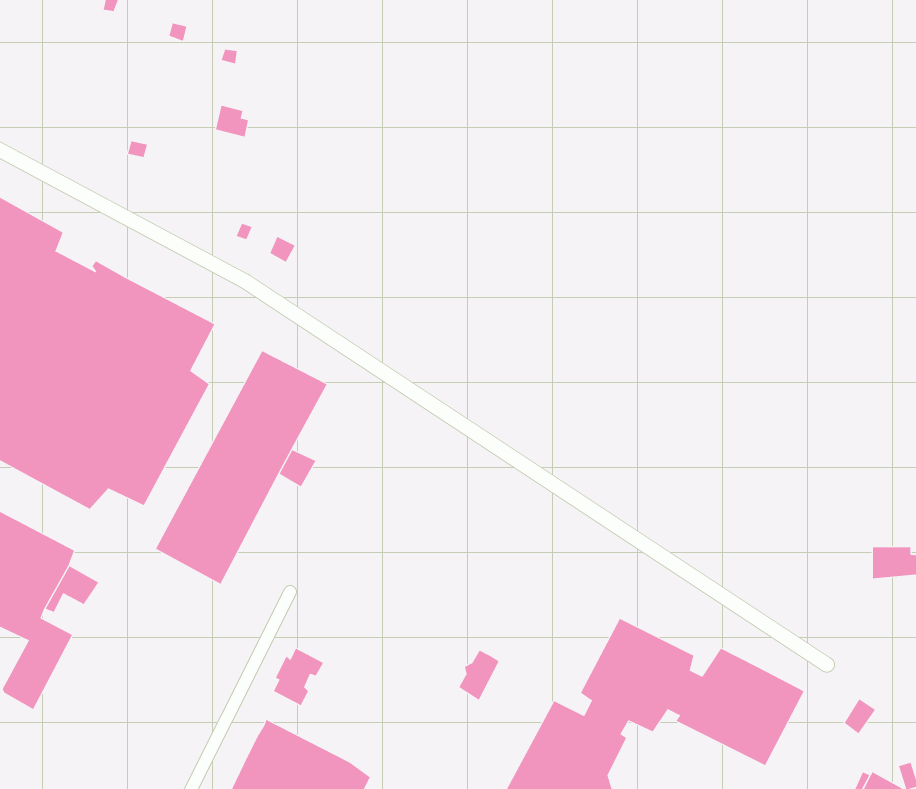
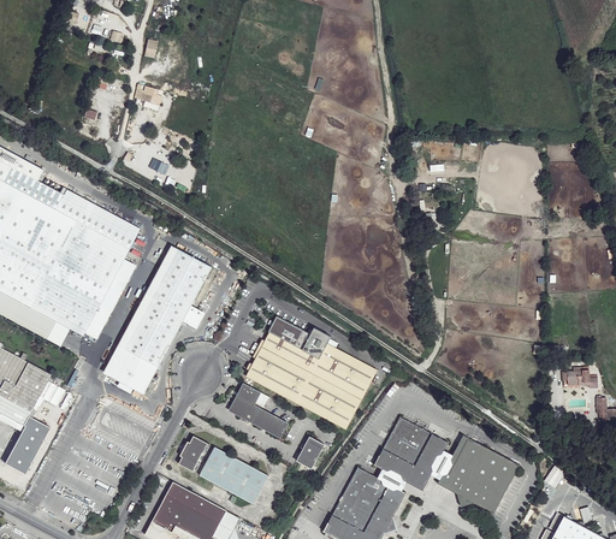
building: none -> [244,315,377,430]
building: none -> [227,383,289,440]
building: none -> [197,448,267,503]

